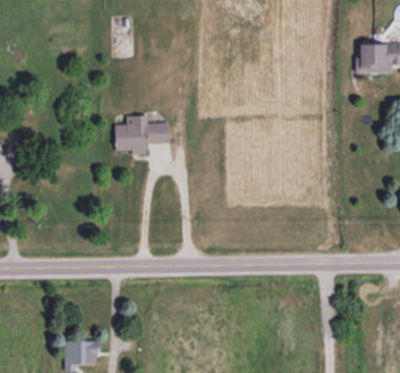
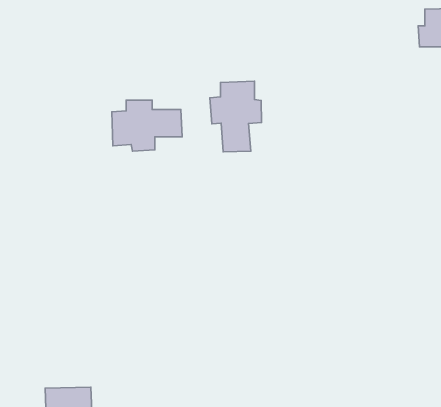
building: none -> [210,81,262,152]

